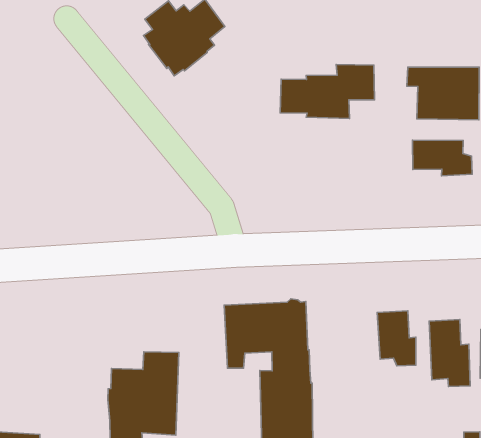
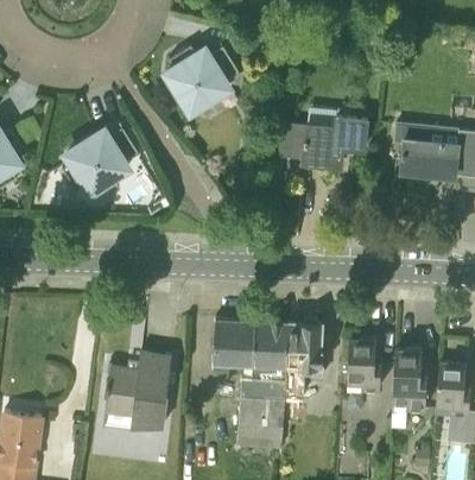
building: none -> [62,130,138,194]
building: [412,140,472,176] -> none
building: none -> [285,320,323,397]

